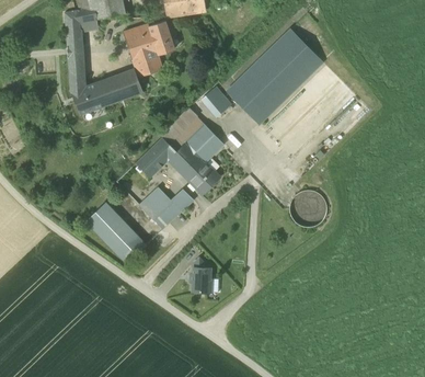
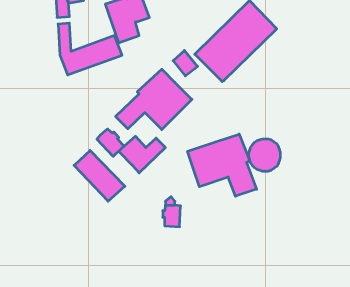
building: [188,162,219,193] -> none
building: none -> [97,129,124,156]
building: none -> [188,134,257,196]

